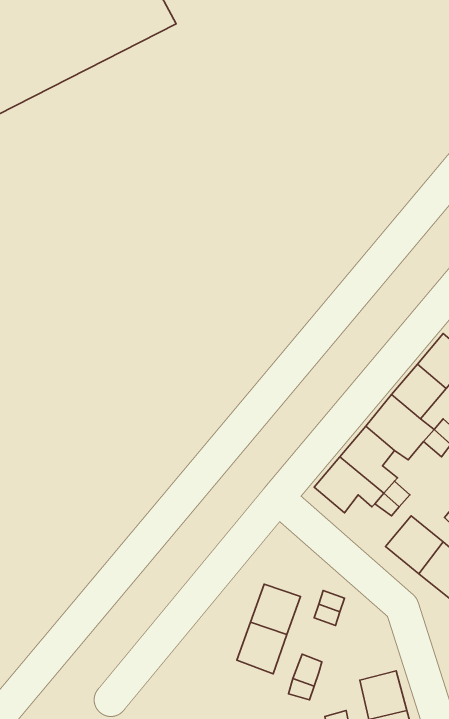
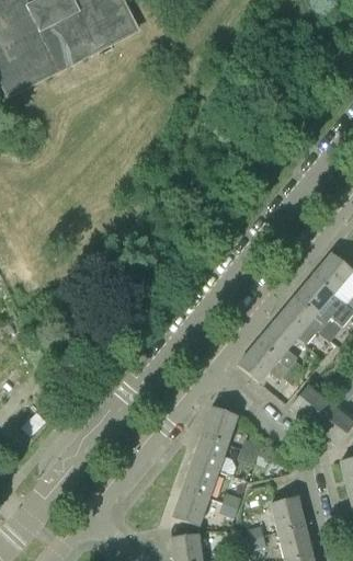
building: none -> [202,407,237,443]
building: none -> [172,489,208,526]

